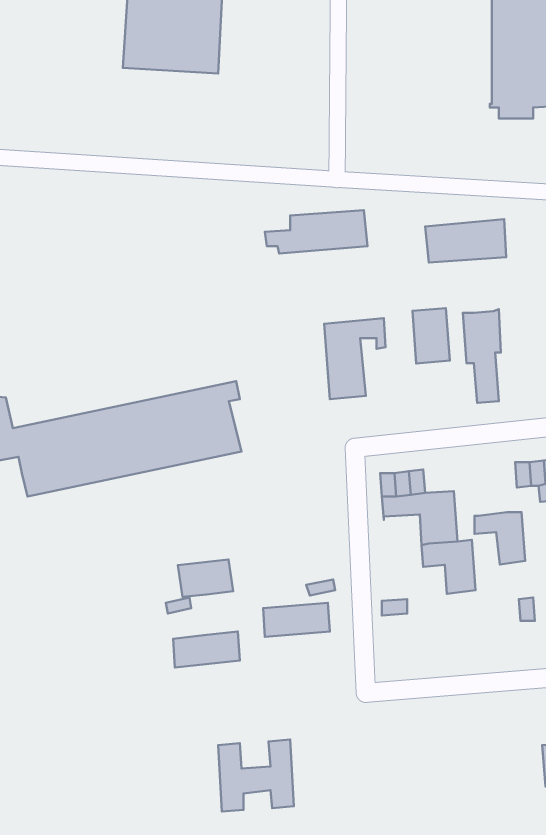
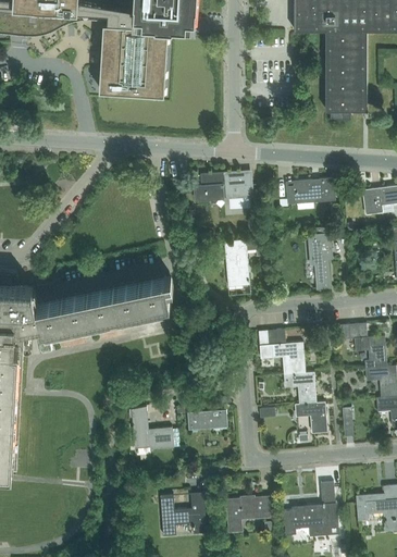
building: [412,308,450,364] -> none
building: [475,512,525,564] -> [296,401,326,433]
building: [178,560,233,597] -> none
building: none -> [283,481,338,534]
building: none -> [225,495,270,532]

